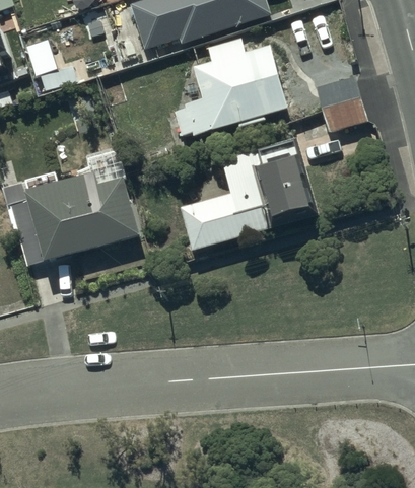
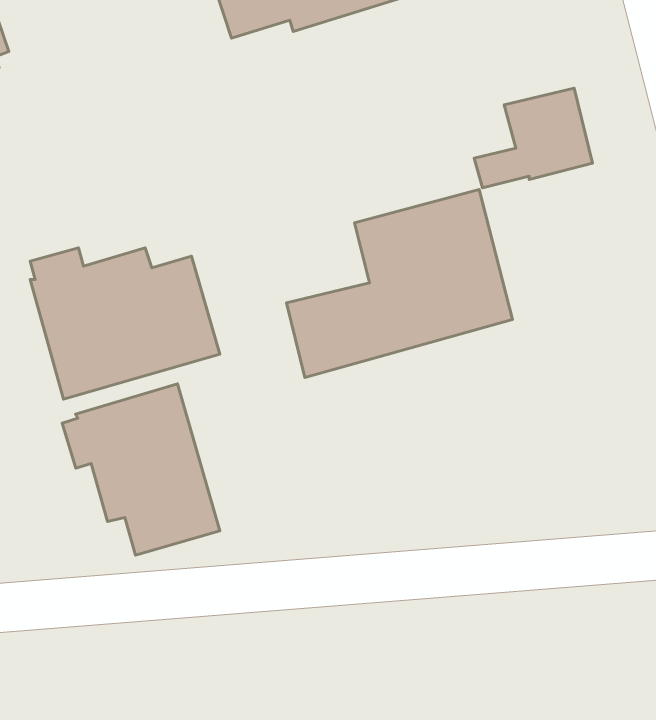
building: [171,38,285,134] -> none
building: none -> [62,384,220,555]

